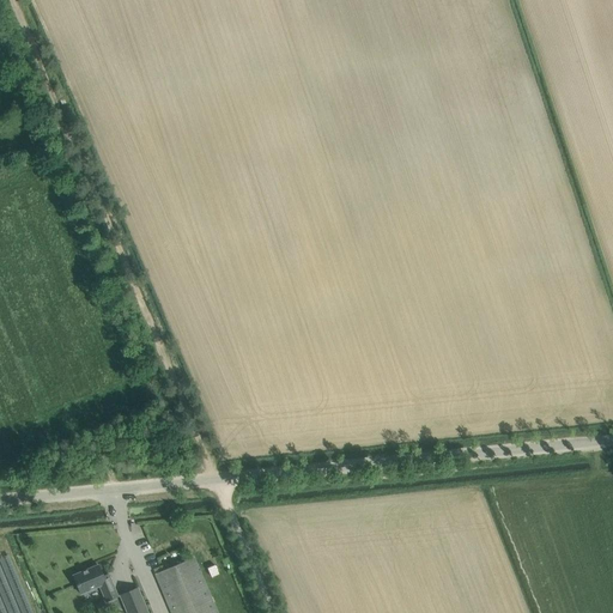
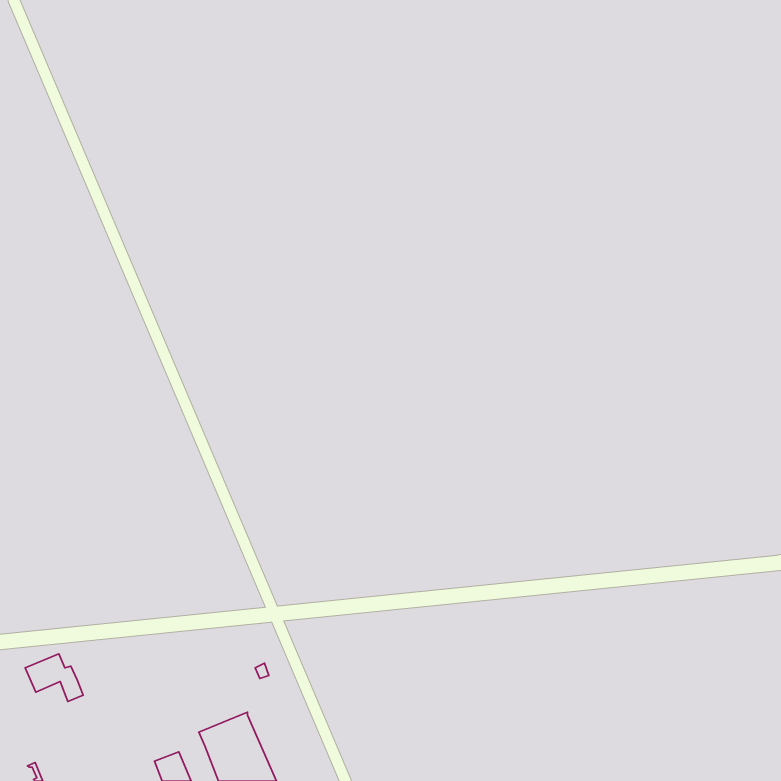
building: [72,565,117,602] -> [25,654,83,701]

